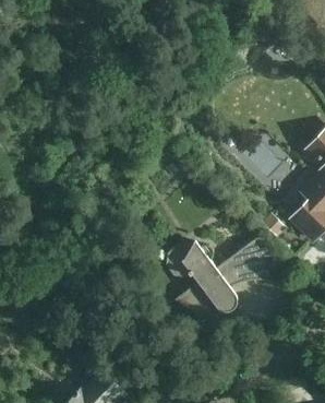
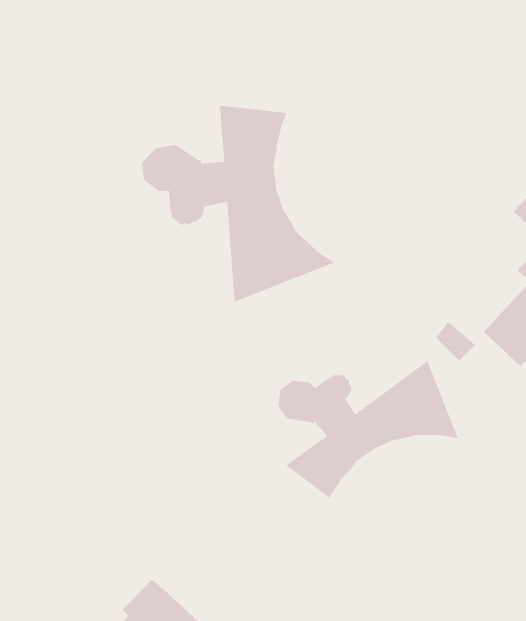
building: none -> [141,105,336,303]

